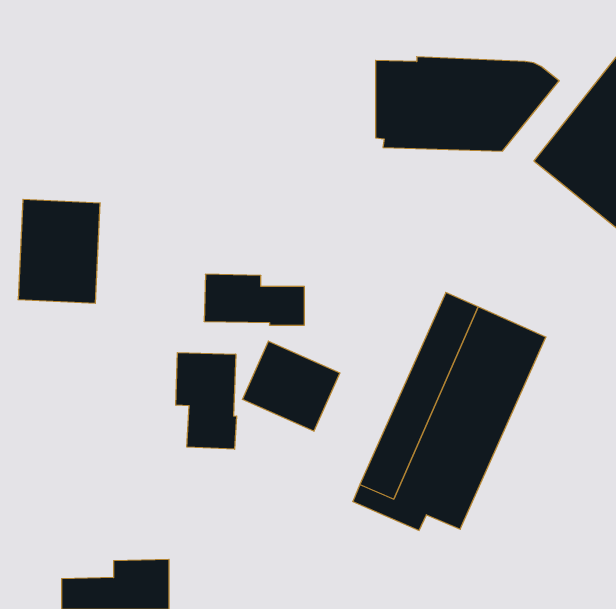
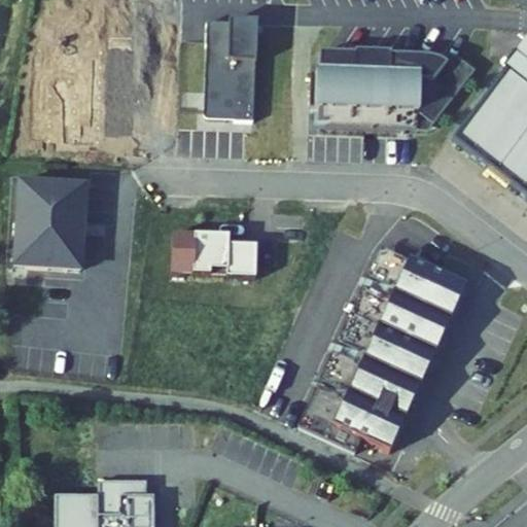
building: none -> [204,15,257,116]
building: [242,341,340,431] -> none
building: [176,353,237,449] -> none

